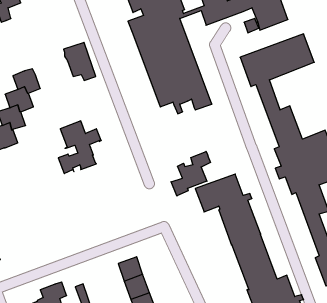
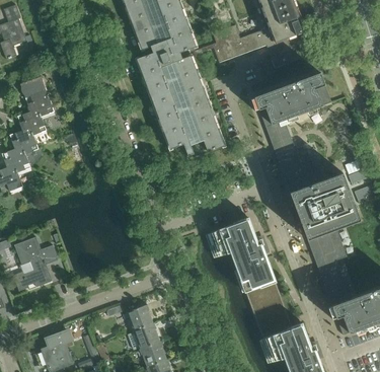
building: [64,42,96,80] -> [19,75,53,115]
building: [58,121,101,174] -> [12,236,57,291]
building: [171,151,210,196] -> none

